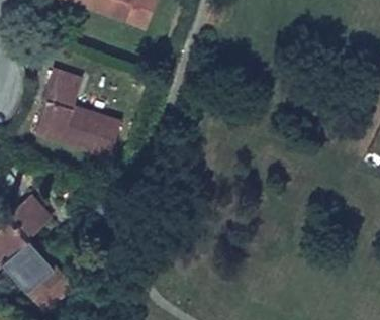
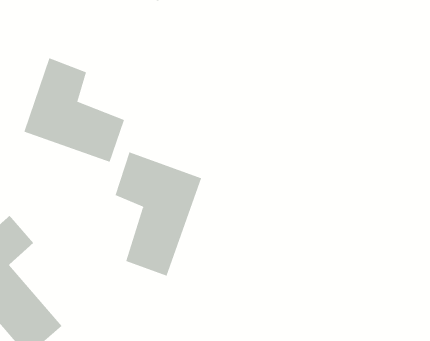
building: none -> [115,152,202,277]

